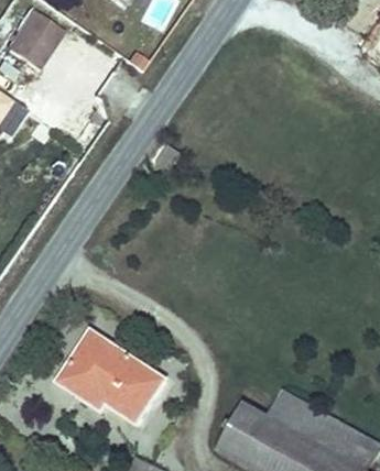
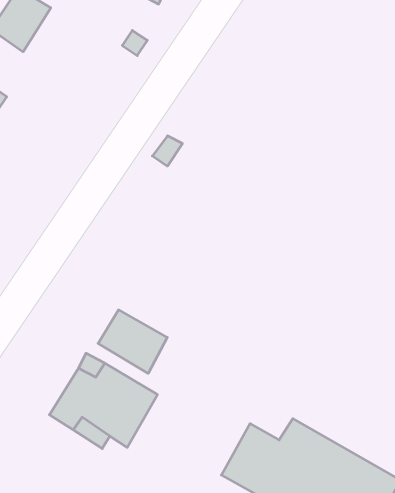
building: none -> [98,310,167,373]

